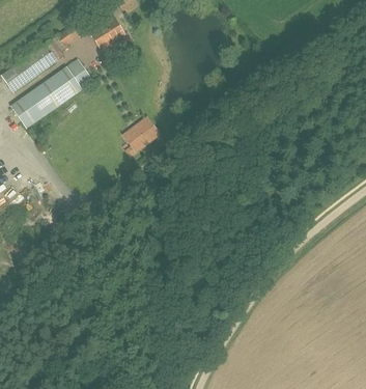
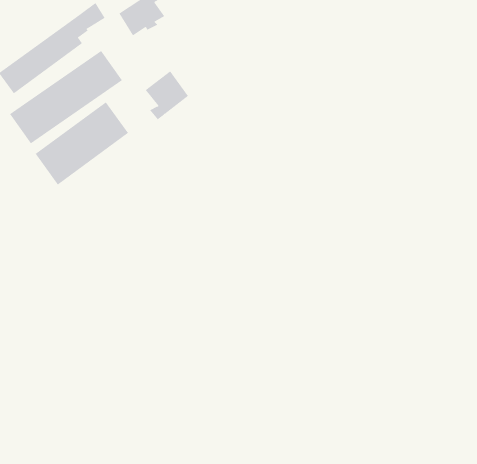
building: none -> [35,101,129,185]
building: [120,119,152,156] -> [145,70,189,120]

